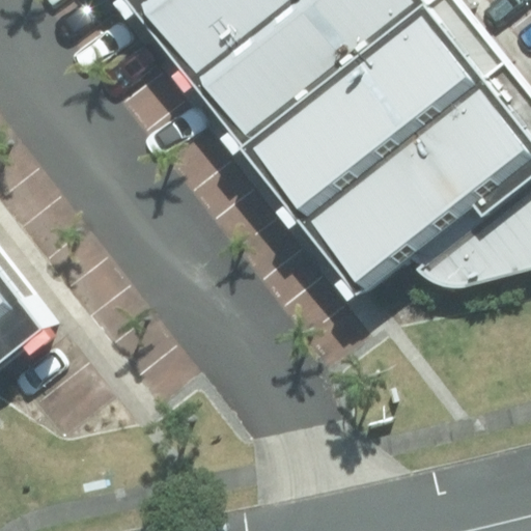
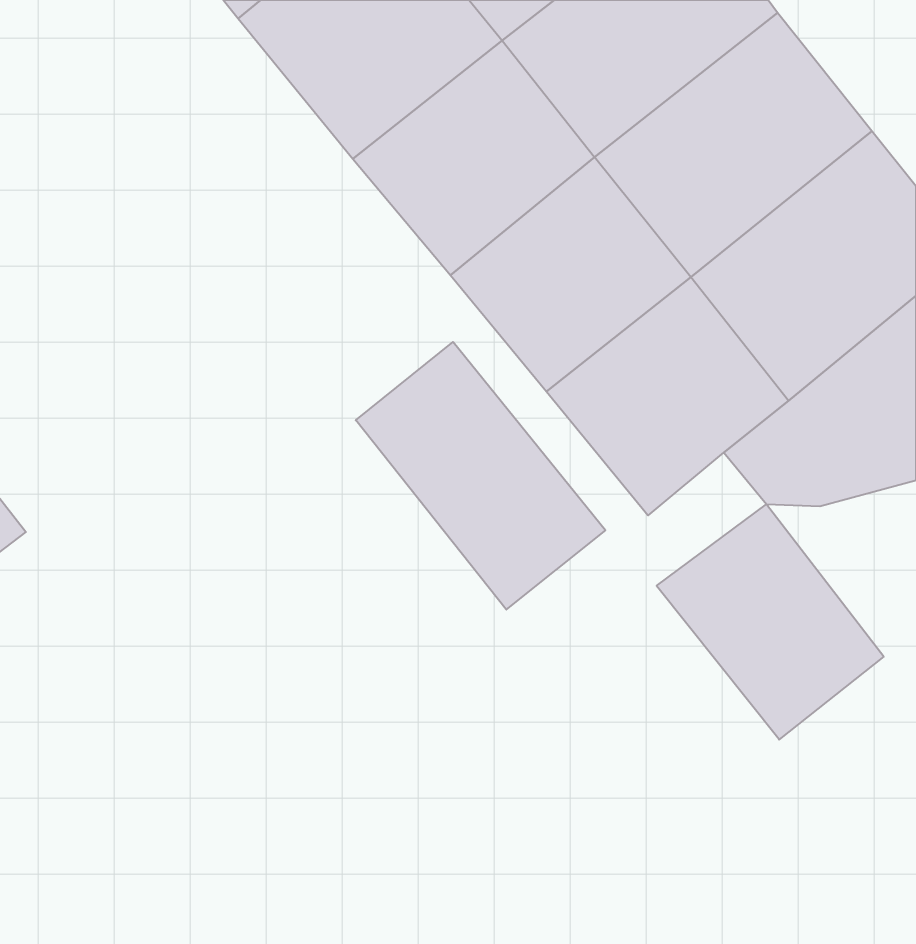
building: none -> [356,342,605,610]
building: none -> [657,504,884,740]

